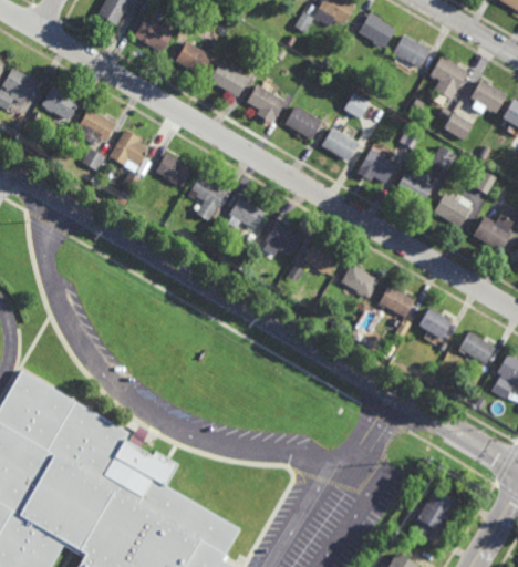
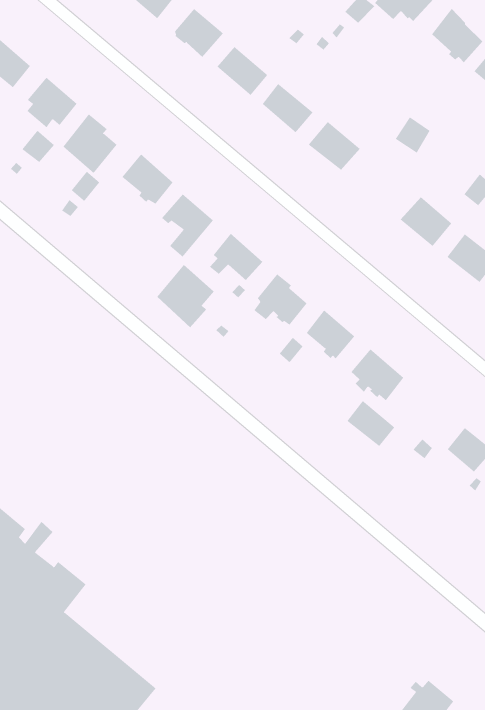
building: [321,128,356,161] -> none
building: none -> [156,264,214,328]
building: [379,285,414,316] -> [346,400,395,447]

